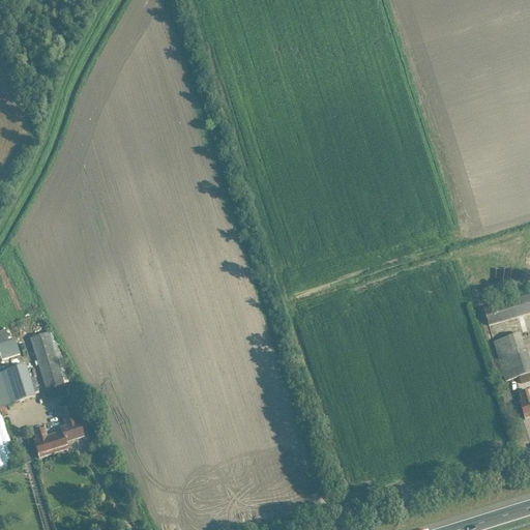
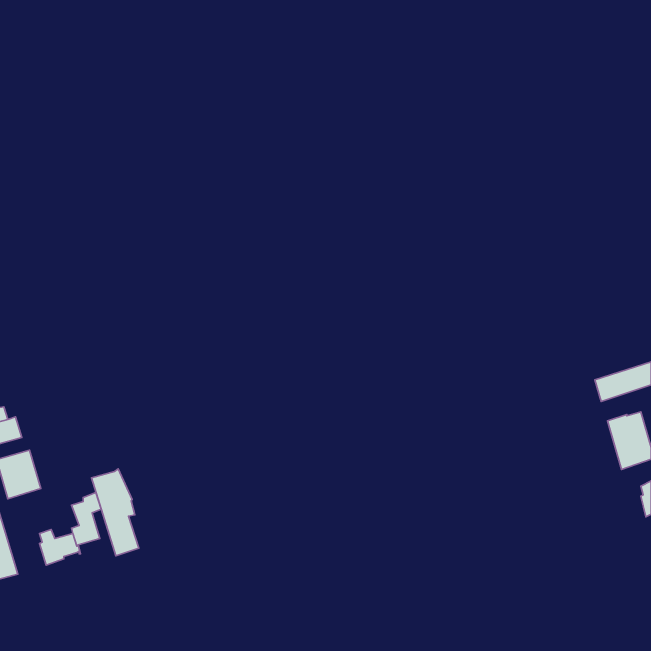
building: [27,331,65,402] -> [91,469,139,556]

